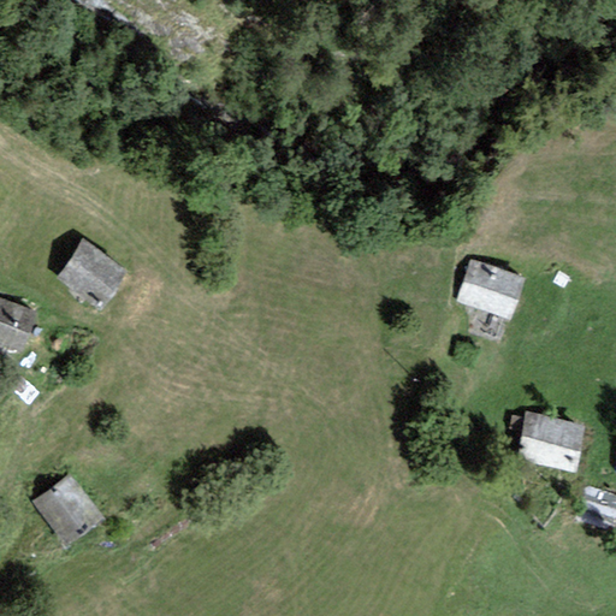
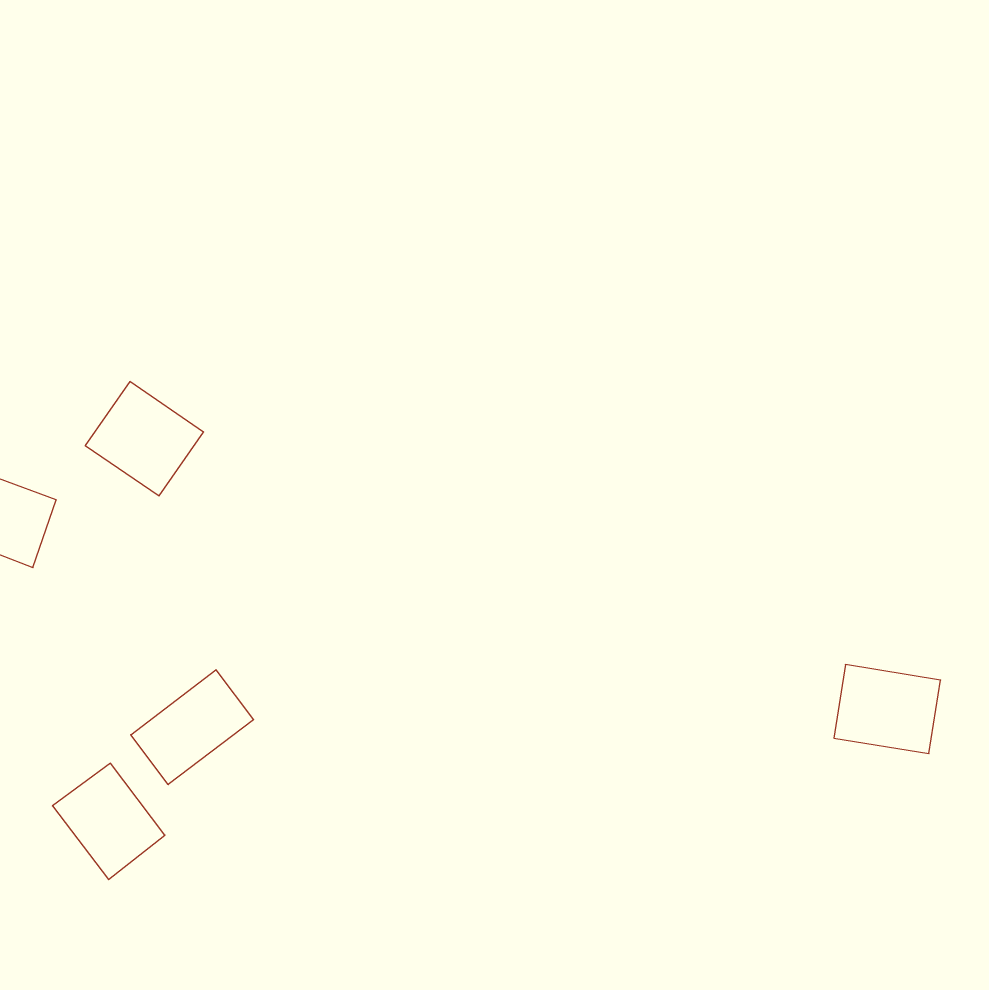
building: [456,259,523,318] -> none
building: none -> [131,670,254,785]

